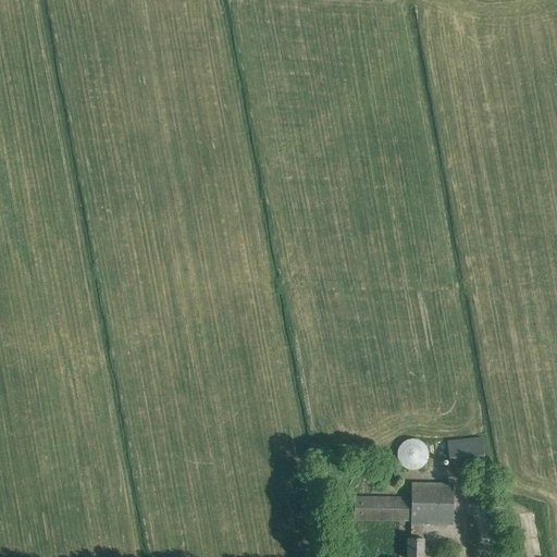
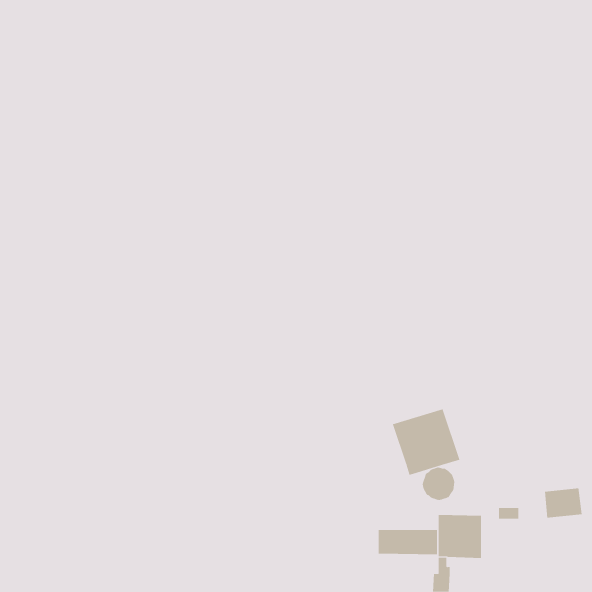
building: none -> [392,408,460,476]
building: [447,437,483,466] -> [544,488,583,518]

